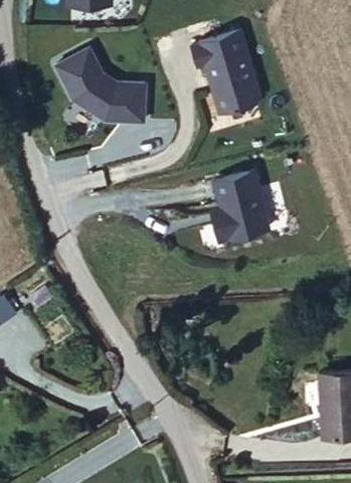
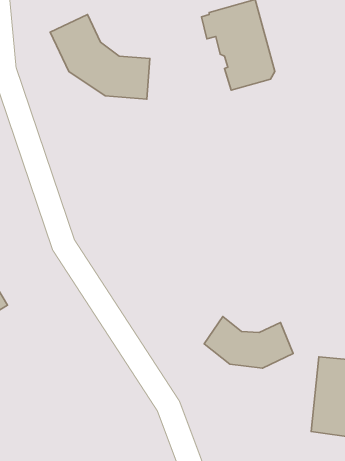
building: [216,172,274,242] -> none
building: none -> [204,317,293,368]

